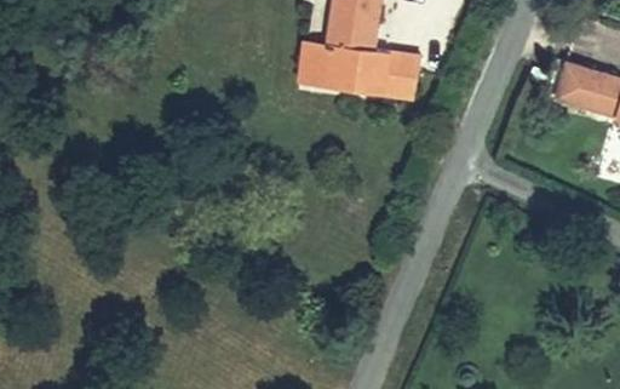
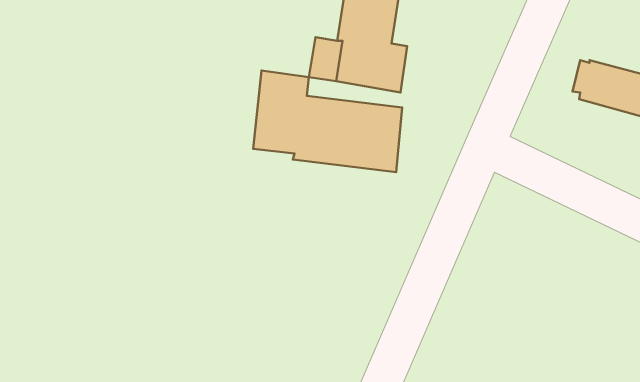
building: [385,51,423,98] -> none
building: none -> [253,71,402,172]

